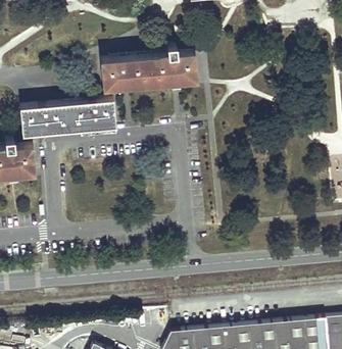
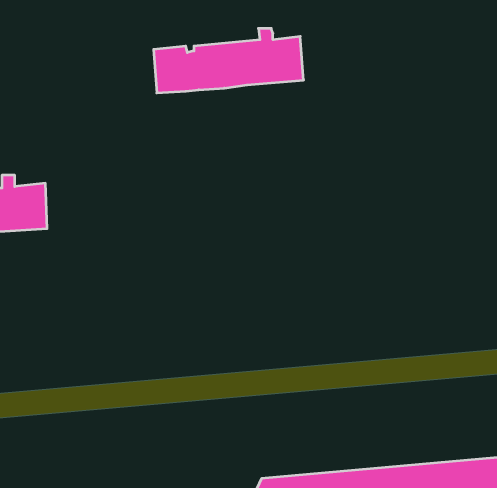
building: [19,99,114,135] -> none

